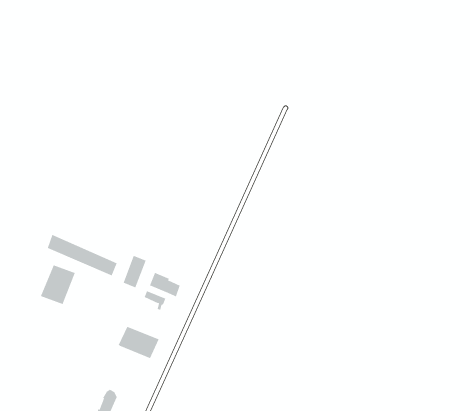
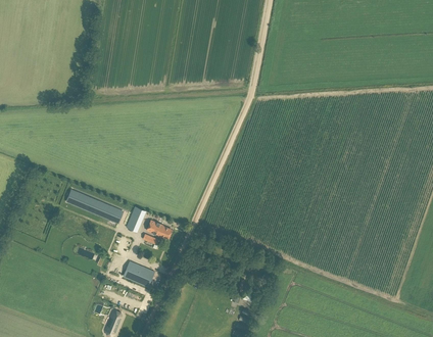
building: [40,265,76,305] -> none

